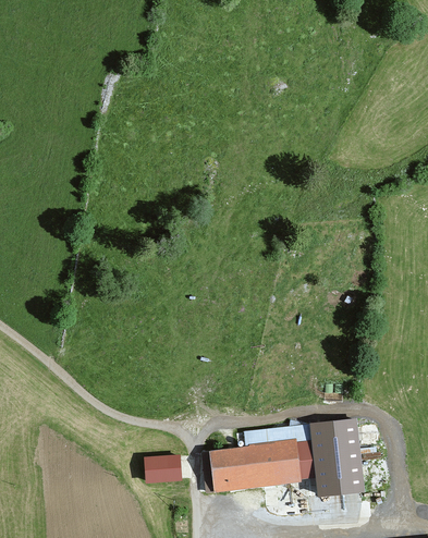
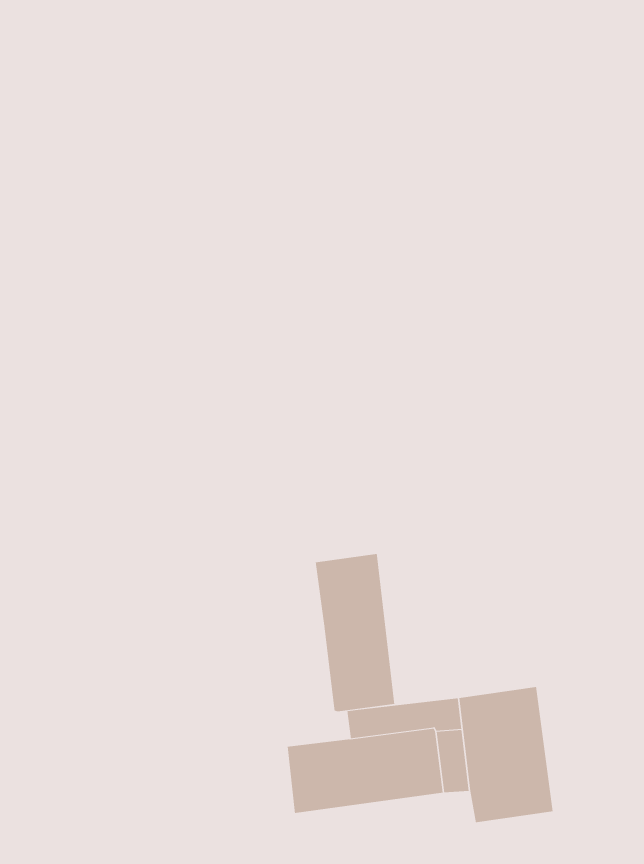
building: none -> [315,553,395,712]
building: [148,456,181,481] -> none

